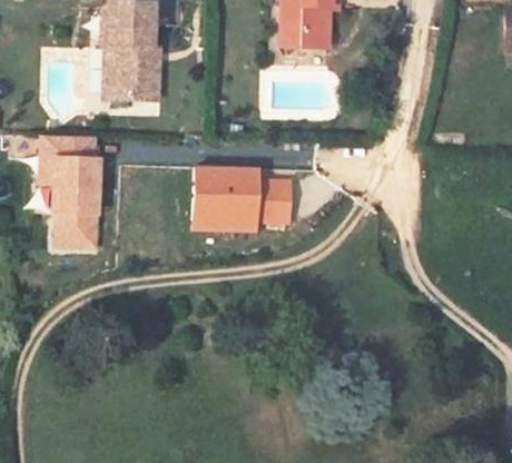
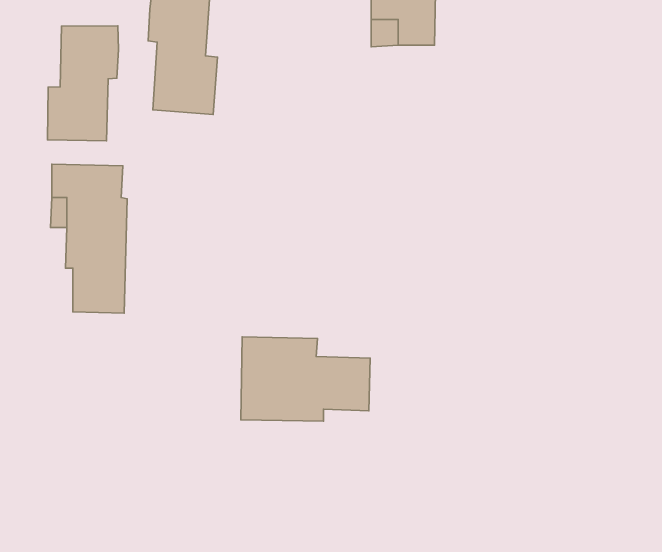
building: none -> [48,26,118,141]
building: [189,170,285,233] -> [241,337,370,421]

